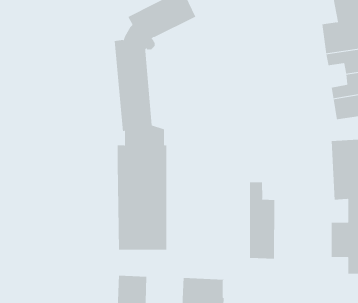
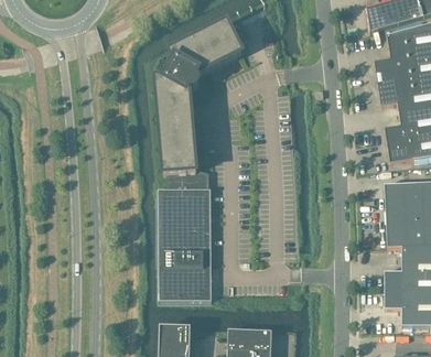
building: [249,181,275,259] -> none

